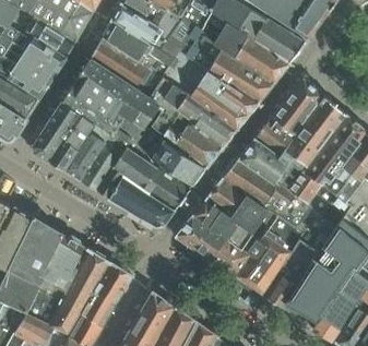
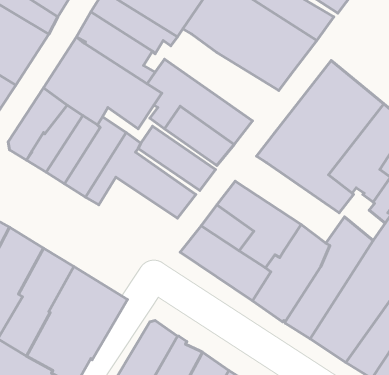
building: [163,52,259,129] -> none
building: [223,158,313,230] -> none
building: [109,176,175,227] -> none

